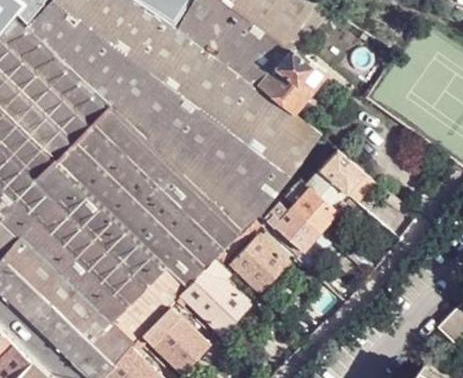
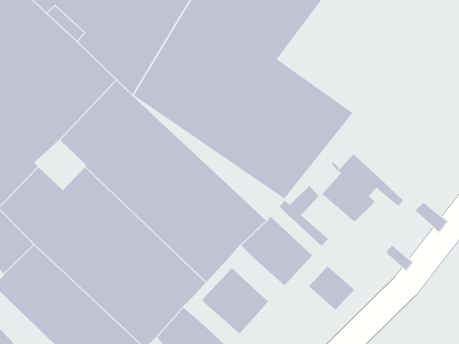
building: [261,45,327,107] -> none
building: [323,151,376,212] -> none
building: [33,157,78,202] -> none
building: [276,206,319,247] -> [308,265,355,310]

